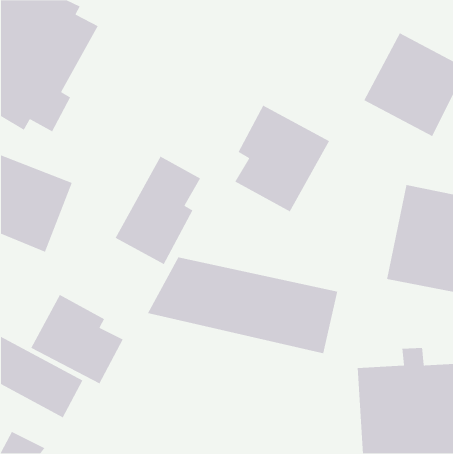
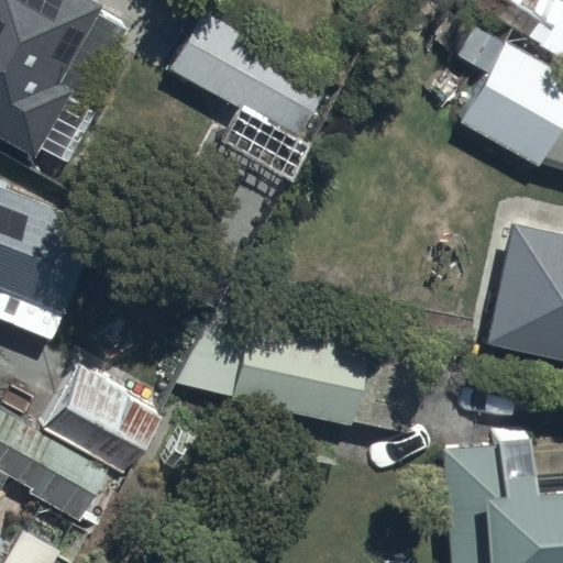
building: none -> [168,12,334,183]
building: [234,104,330,213] -> none
building: [114,155,201,265] -> none

